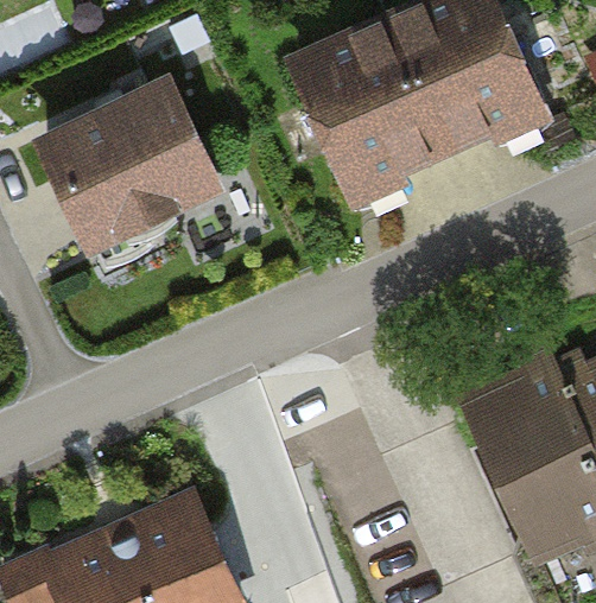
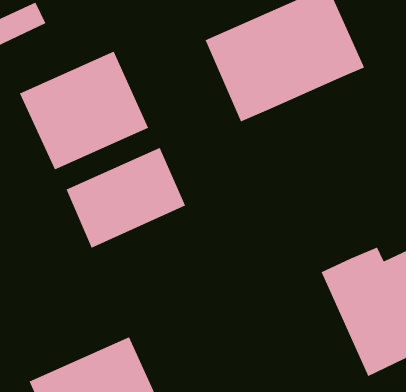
building: none -> [66,147,186,249]

